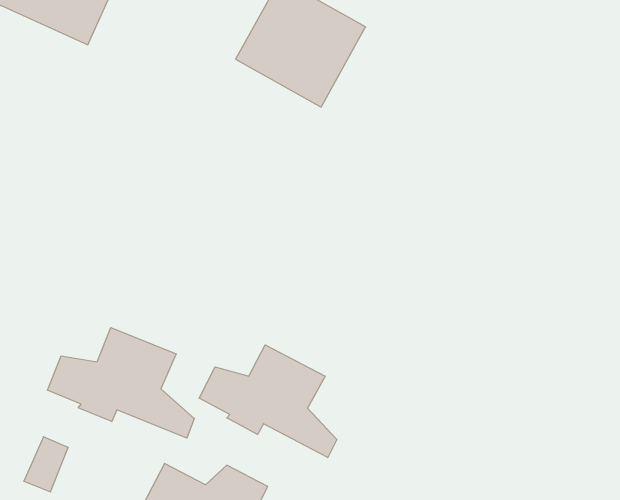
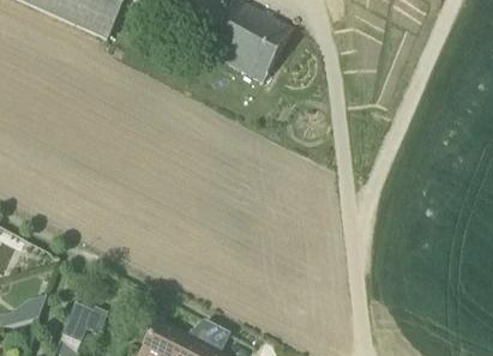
building: [48,328,194,438] -> none
building: [199,345,337,458] -> none

